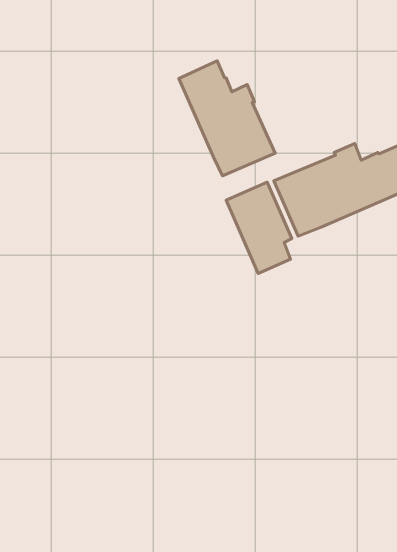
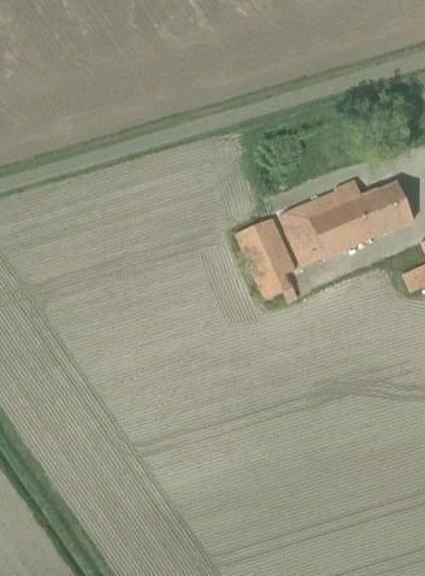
building: [179,61,275,176] -> none

